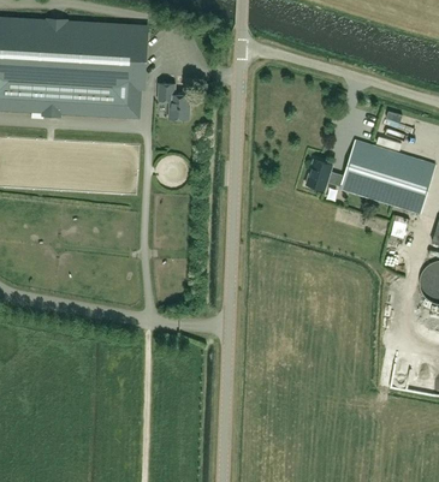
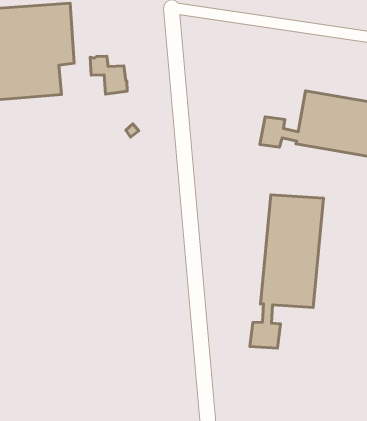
building: none -> [250,195,324,348]

